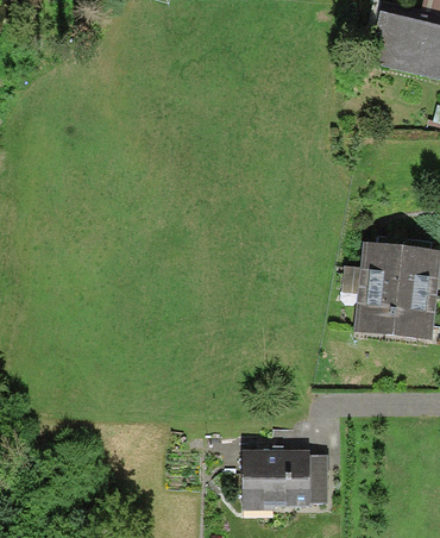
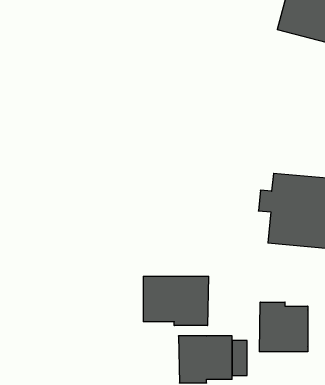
building: none -> [143,276,209,326]
building: none -> [259,302,308,352]

